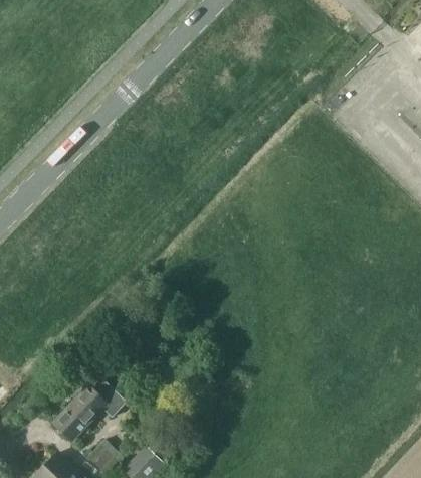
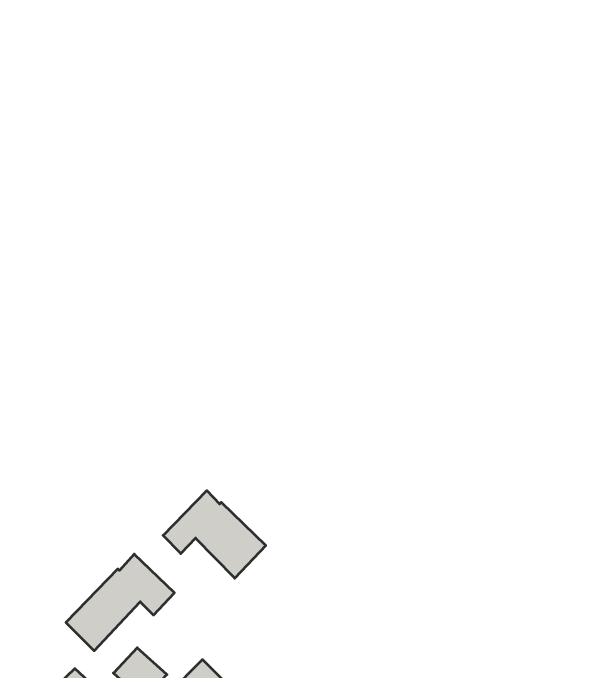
building: none -> [163,491,266,578]

